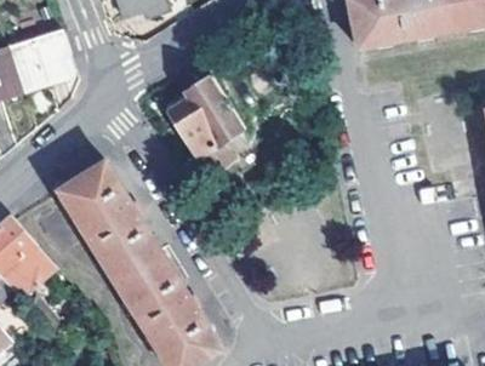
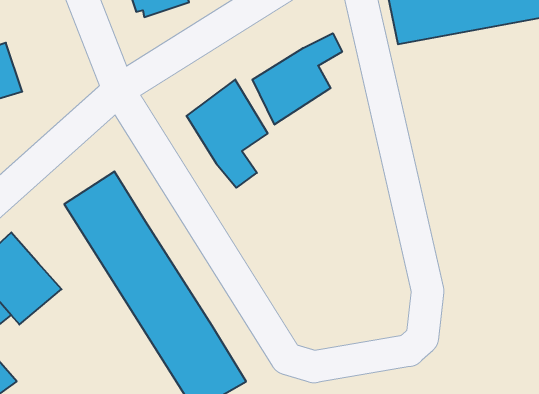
building: [6,29,74,90] -> none
building: none -> [252,33,342,125]

